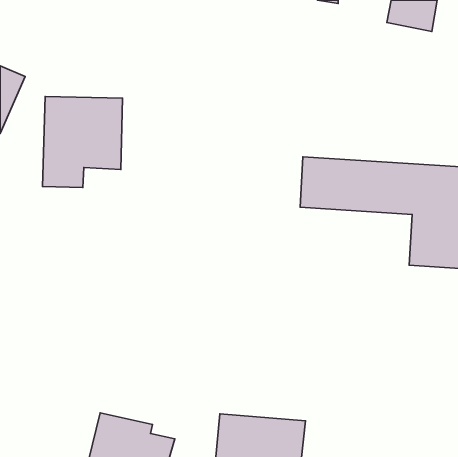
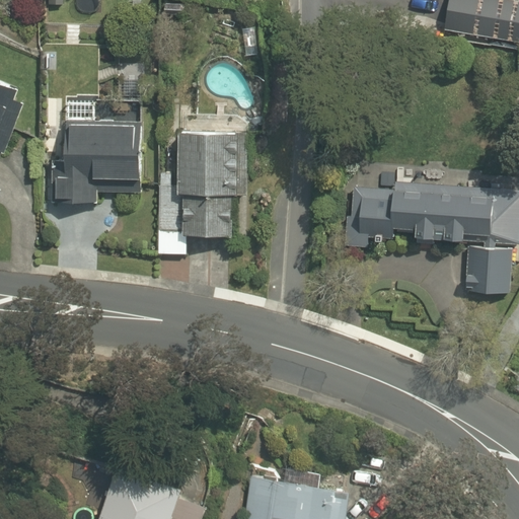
building: none -> [164,123,245,238]

